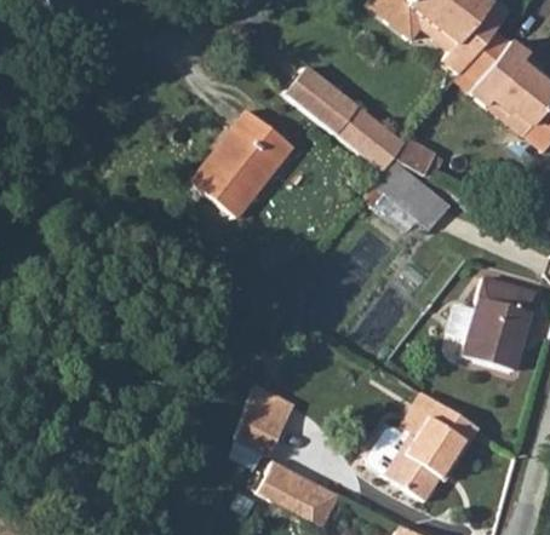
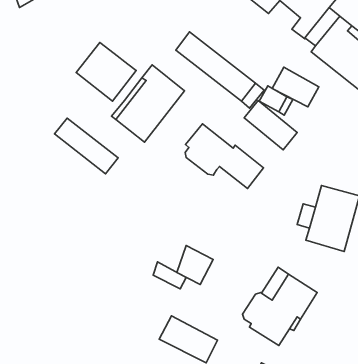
building: none -> [76,42,136,101]
building: none -> [272,67,319,107]
building: none -> [54,118,118,174]
building: none -> [185,124,263,188]
building: [235,403,286,458] -> [177,246,213,285]

